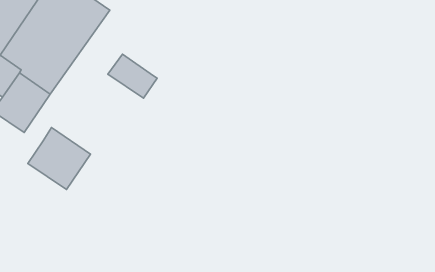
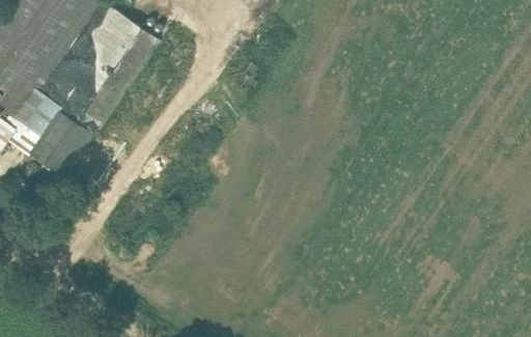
building: [108,54,157,98] -> none
building: [28,127,91,189] -> none

